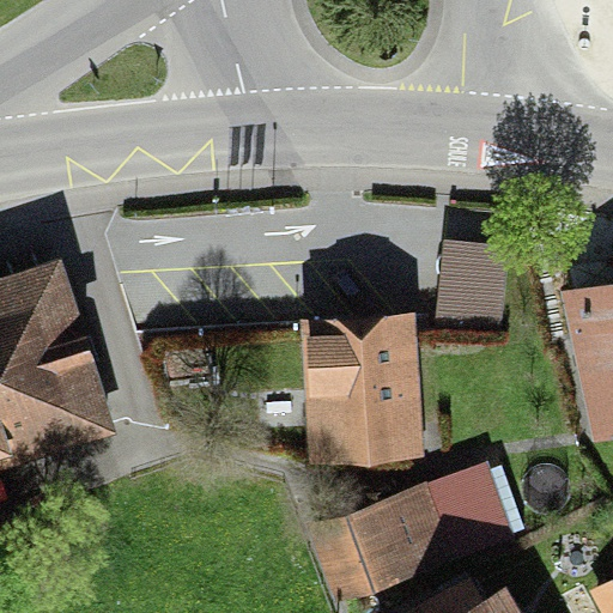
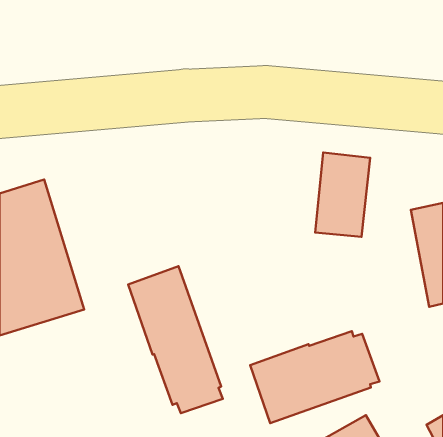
building: [302,312,421,465] -> none
building: none -> [128,266,223,413]

